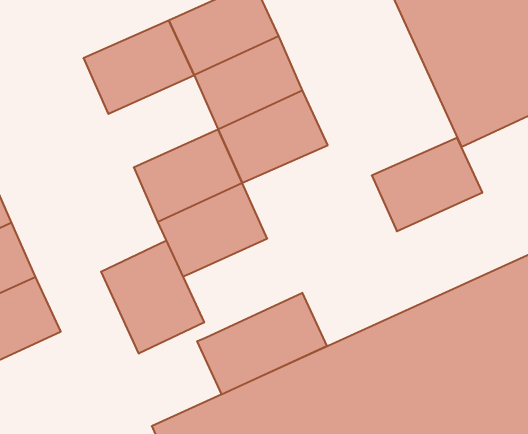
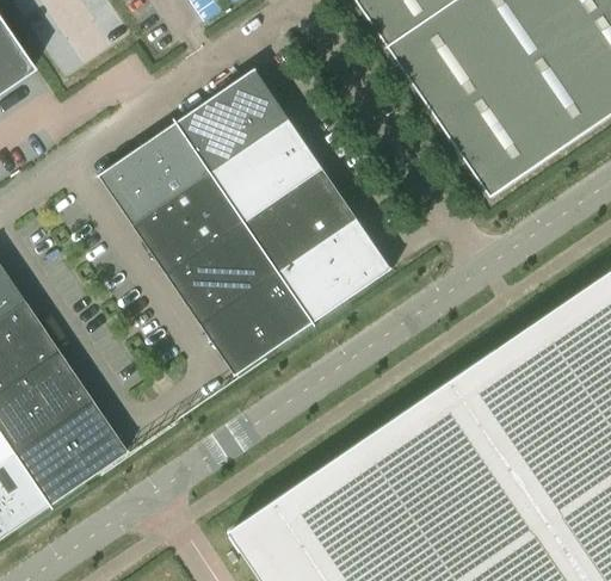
building: none -> [134,173,246,276]
building: [372,138,482,231] -> [279,220,393,323]
building: [101,241,204,354] -> none
building: [197,293,327,394] -> none

